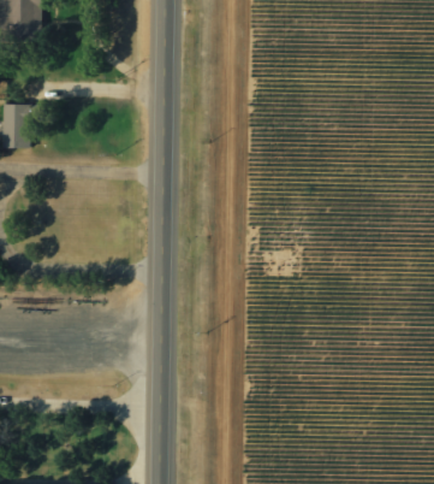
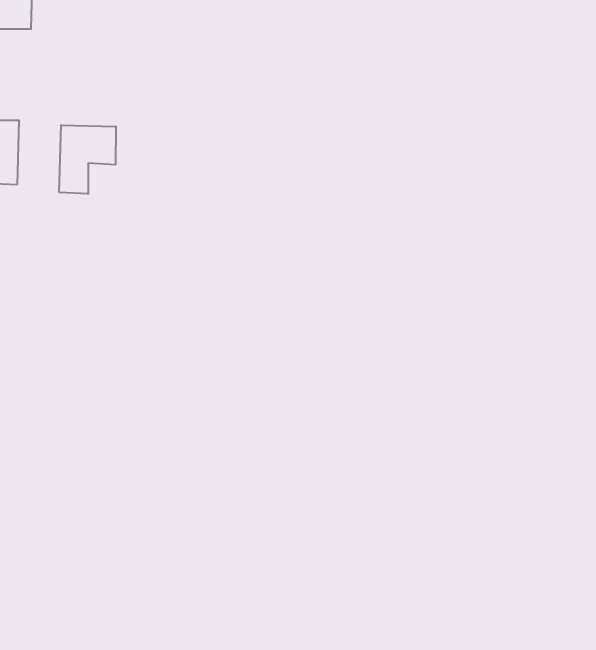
building: none -> [59,125,116,194]

